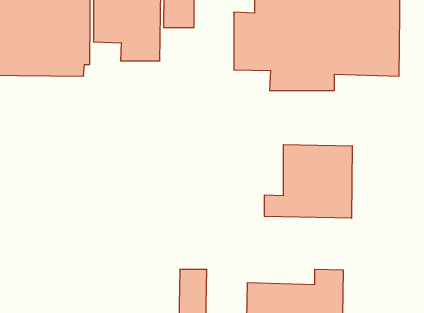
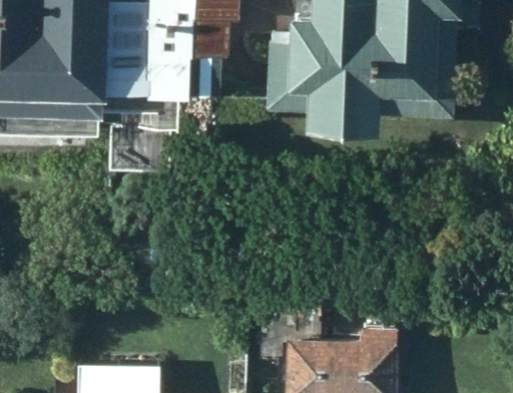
building: [264,145,352,218] -> none

